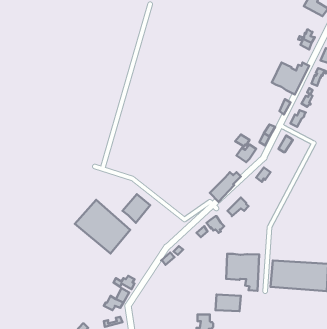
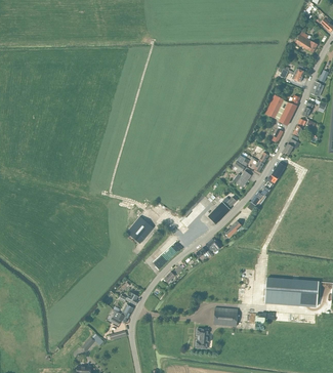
building: [75,200,130,254] -> none
building: [226,254,259,291] -> none

